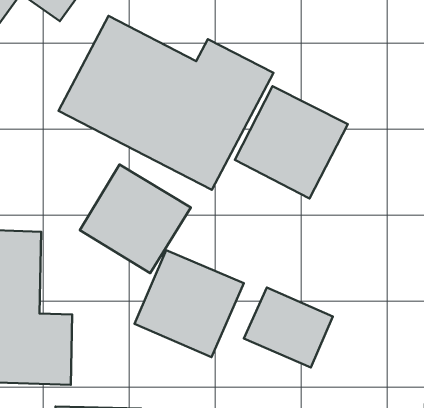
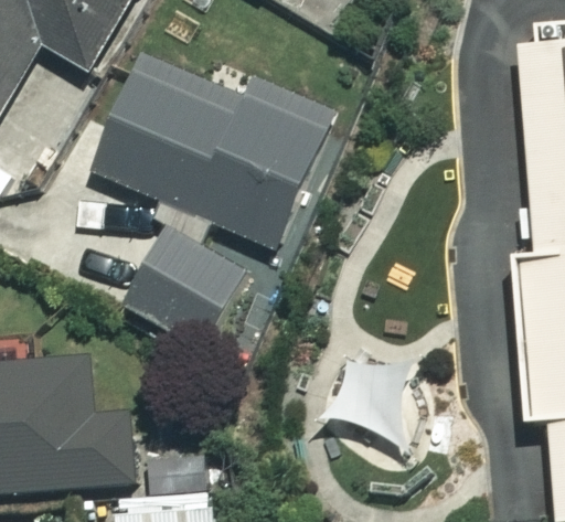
building: [235,86,348,199] -> none
building: [135,250,244,357] -> none

